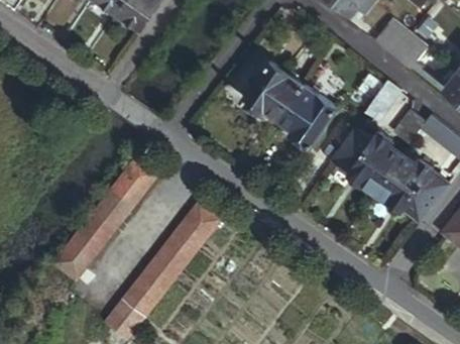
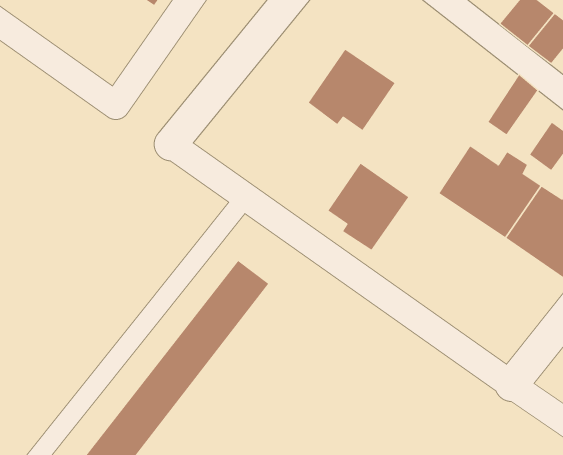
building: [280,84,336,143] -> [327,163,409,251]
building: [53,158,157,281] -> none

